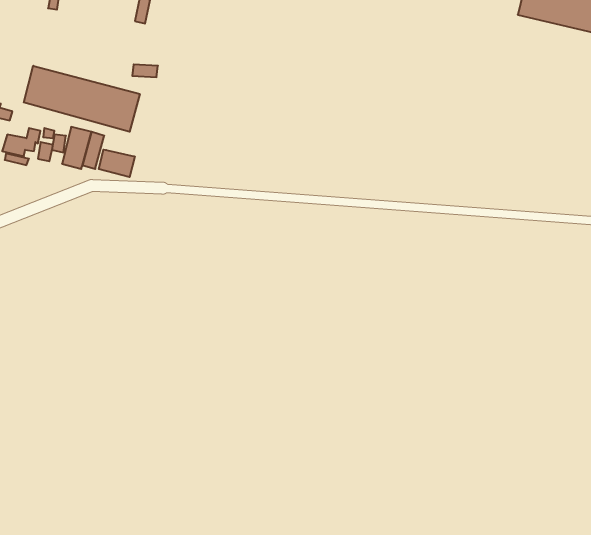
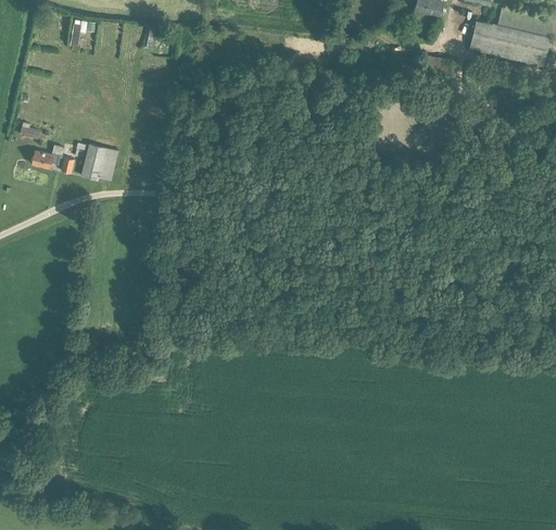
building: [24,66,140,132] -> none
building: [99,150,135,177] -> none

